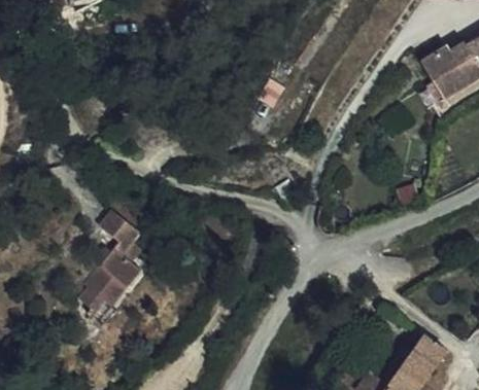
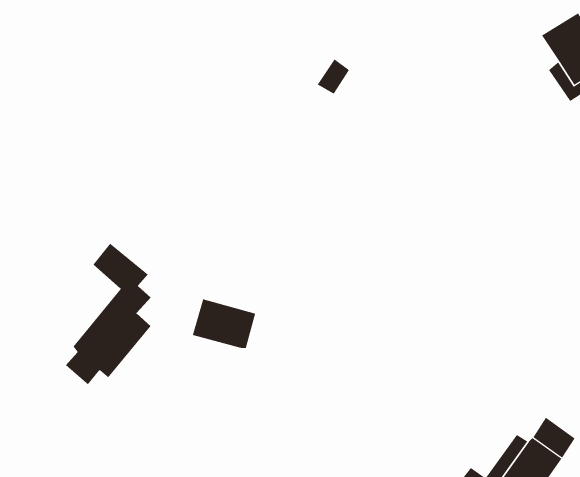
building: none -> [192,299,256,349]

